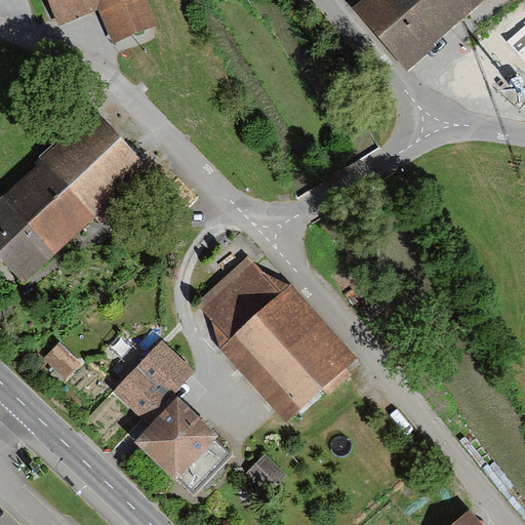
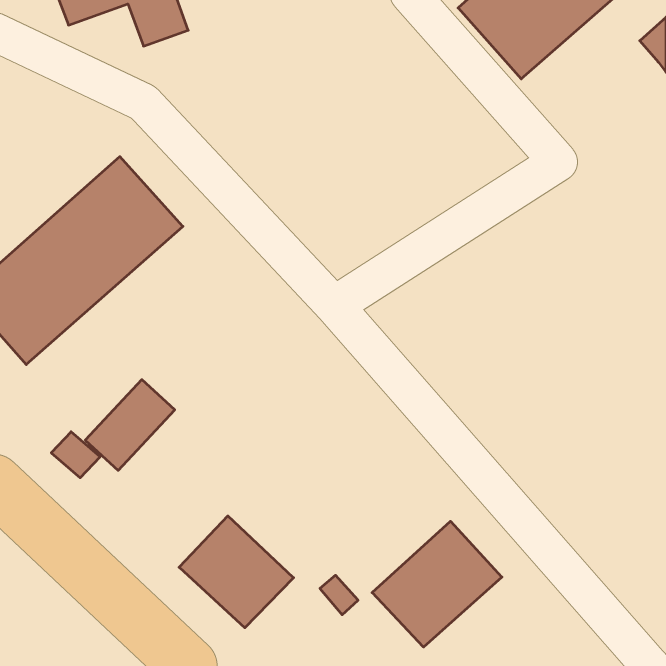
building: [203,265,351,416] -> none
building: [116,347,186,417] -> [85,380,175,470]
building: none -> [372,521,502,647]

